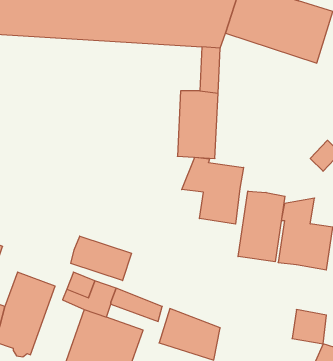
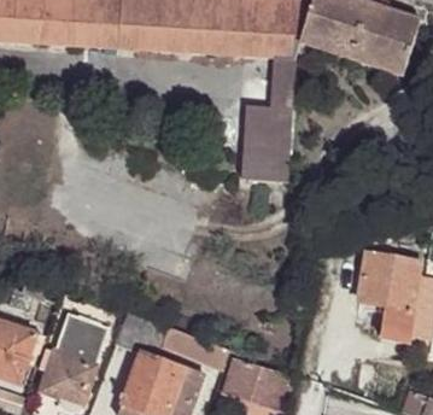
building: [182,157,244,224] -> none
building: [238,191,285,262] -> none
building: [71,236,131,281] -> none
building: [292,310,326,344] -> [373,303,411,341]

